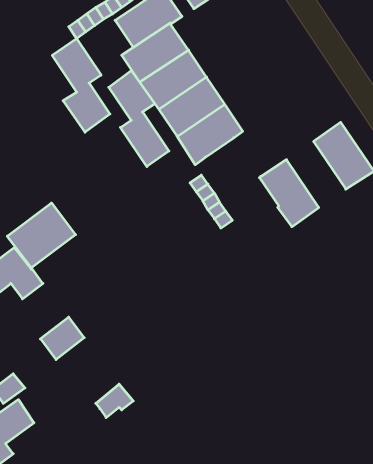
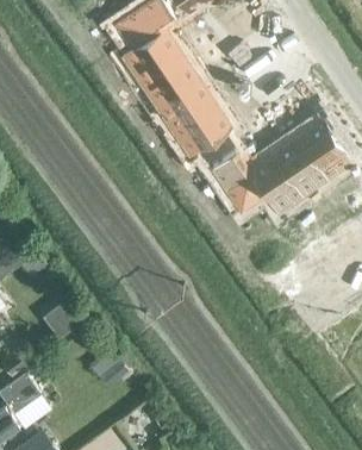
building: [52,38,110,132] -> none
building: [109,70,169,167] -> none
building: none -> [273,136,327,196]
building: none -> [210,150,266,213]
building: [7,203,76,268] -> none

